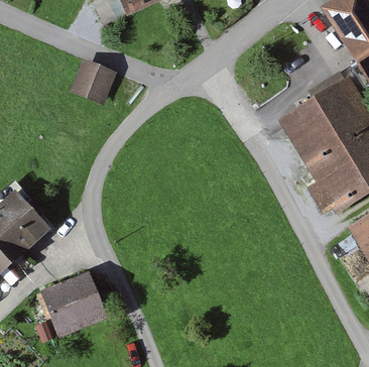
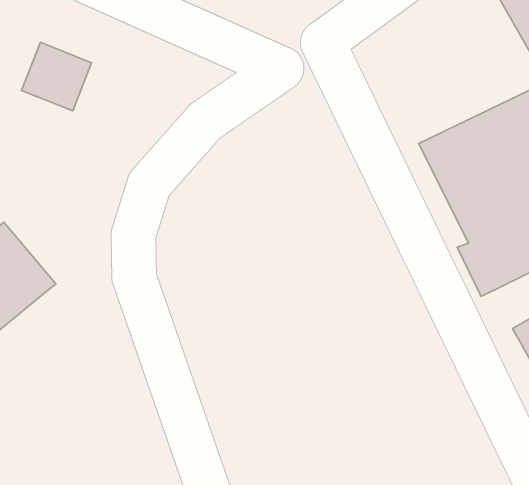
building: [76,62,119,104] -> [22,42,92,111]
building: [40,272,108,330] -> none

